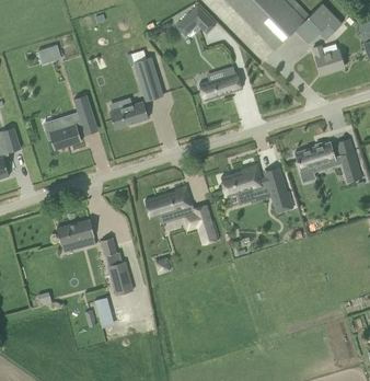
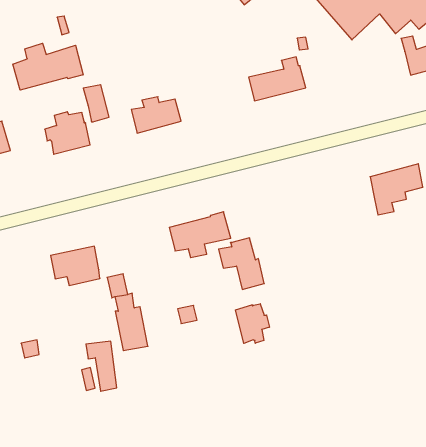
building: [135,58,164,103] -> none
building: none -> [13,43,83,90]
building: [220,164,263,203] -> none
building: [267,178,293,212] -> none
building: none -> [235,304,269,343]

